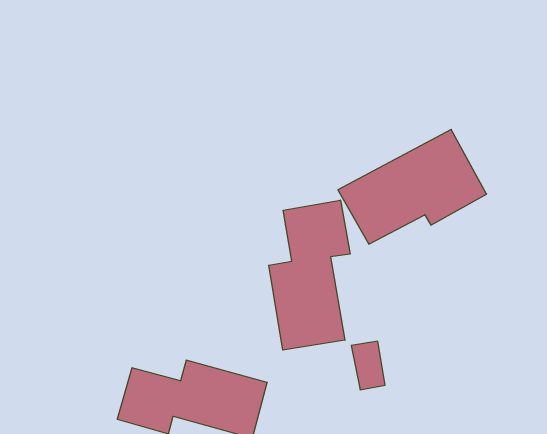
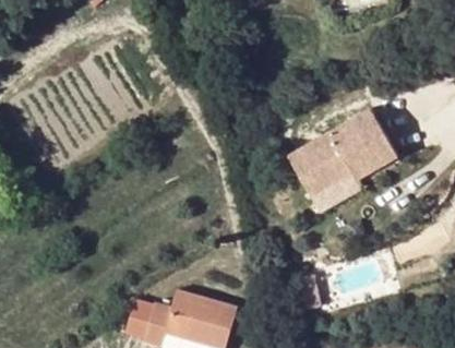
building: [269,200,350,350] -> none

